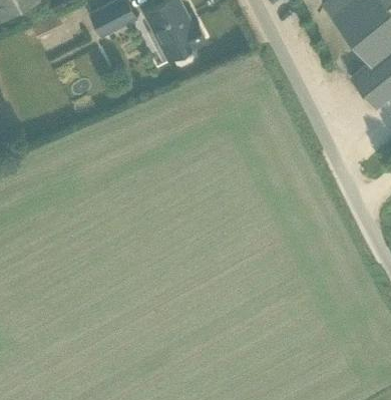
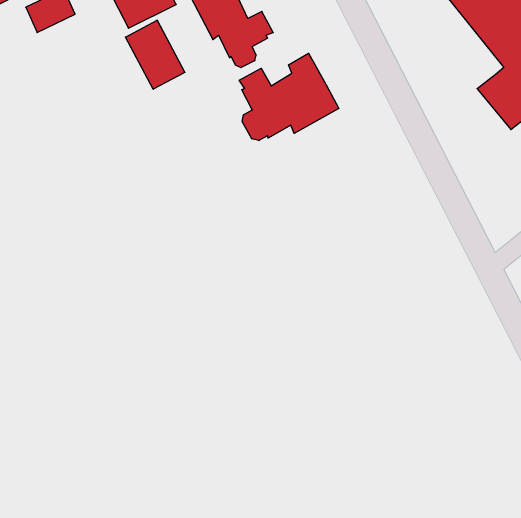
building: none -> [125,20,185,89]
building: none -> [239,53,339,141]

